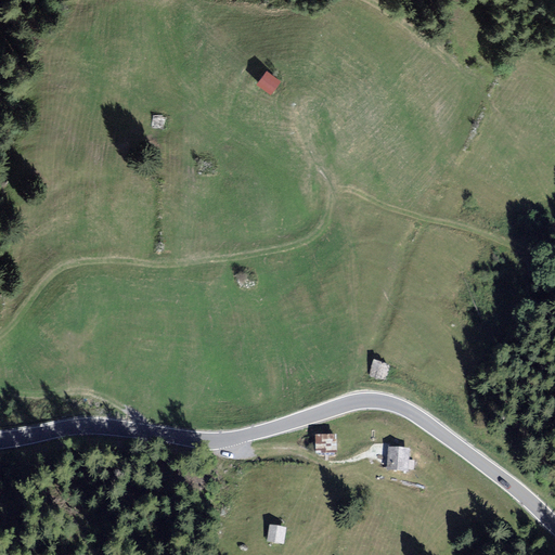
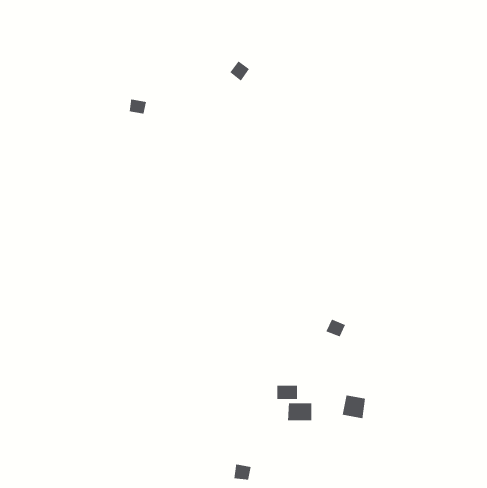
building: none -> [288,402,312,421]

